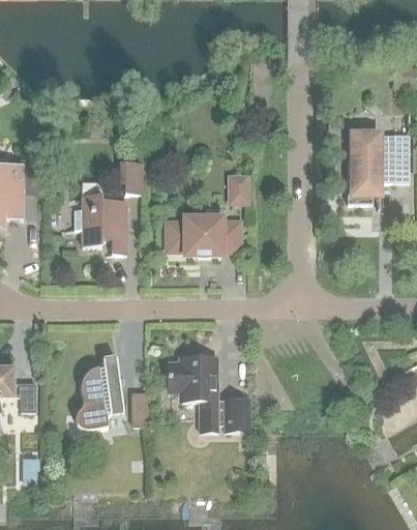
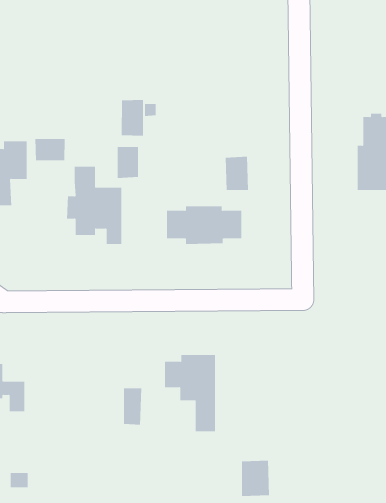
building: none -> [121,99,143,136]
building: none -> [35,138,65,161]
building: [73,358,124,426] -> none
building: [222,395,249,430] -> [241,460,270,496]

